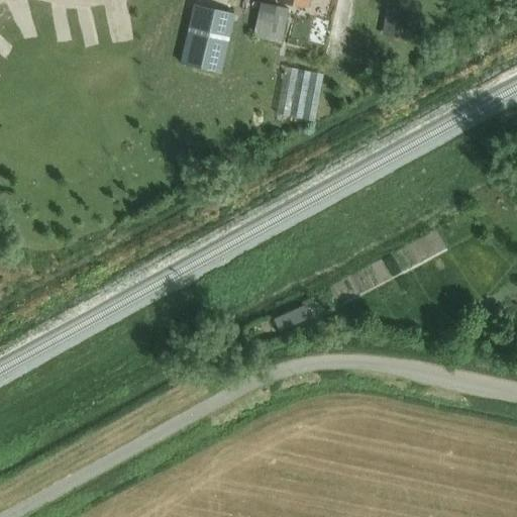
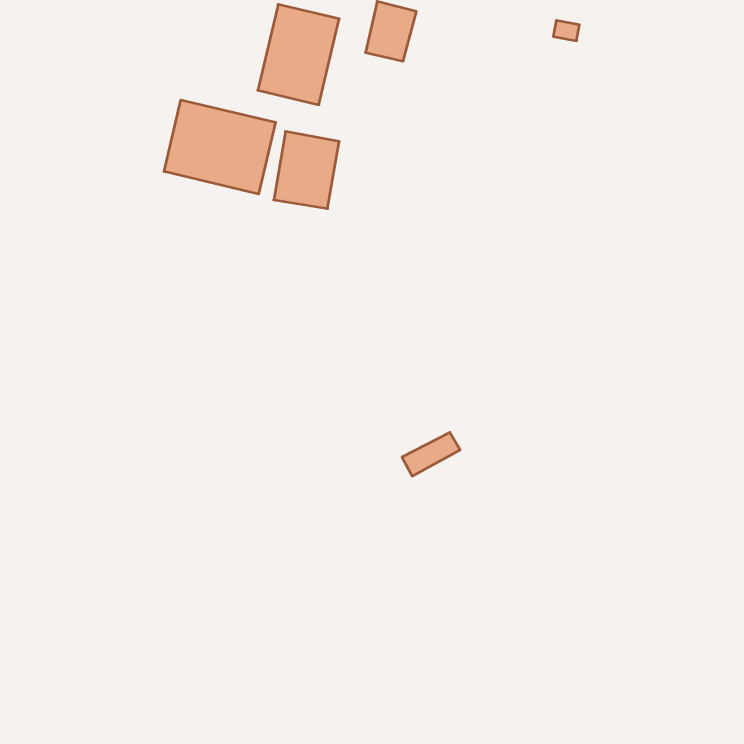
building: [276,67,321,120] -> [274,131,339,209]
building: none -> [164,100,276,194]

